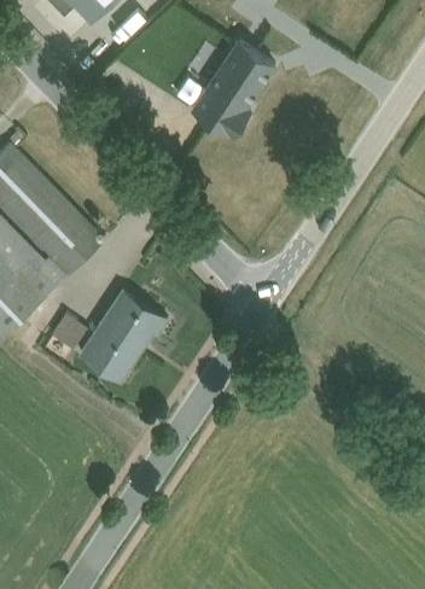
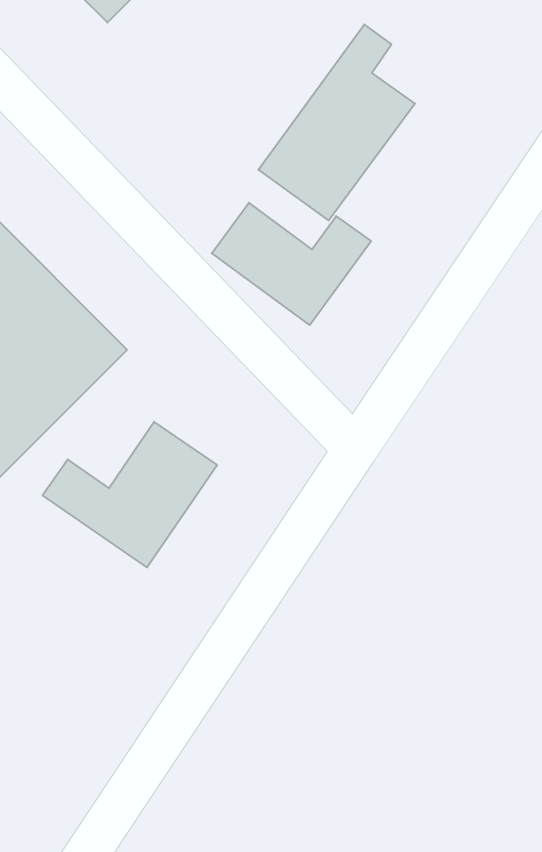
building: none -> [212,203,371,325]

